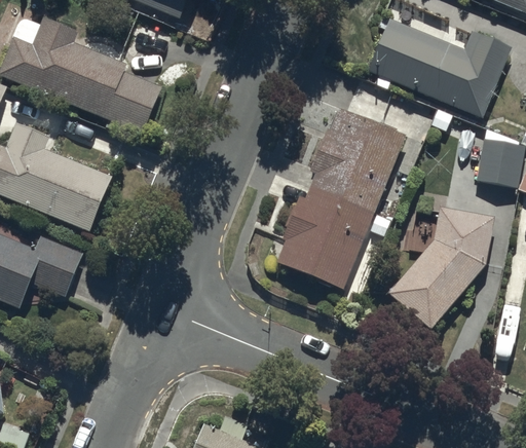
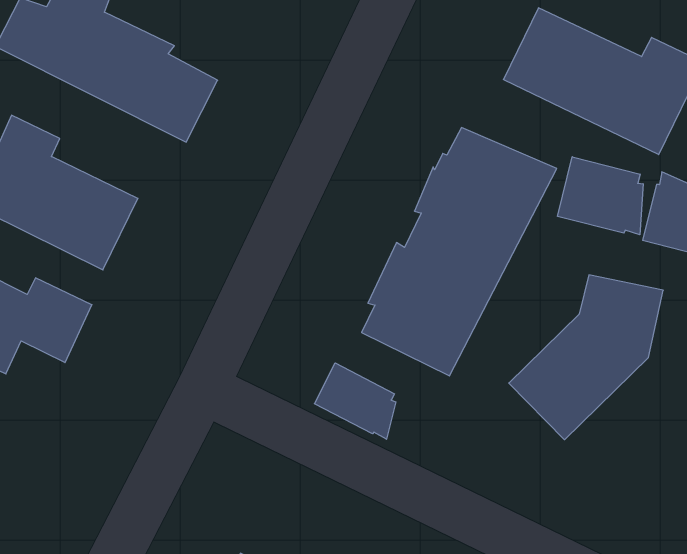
building: none -> [558,157,643,235]
building: none -> [314,363,396,439]

